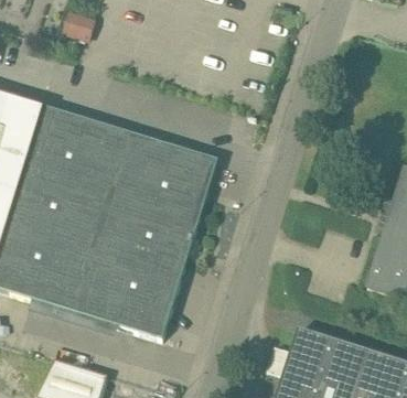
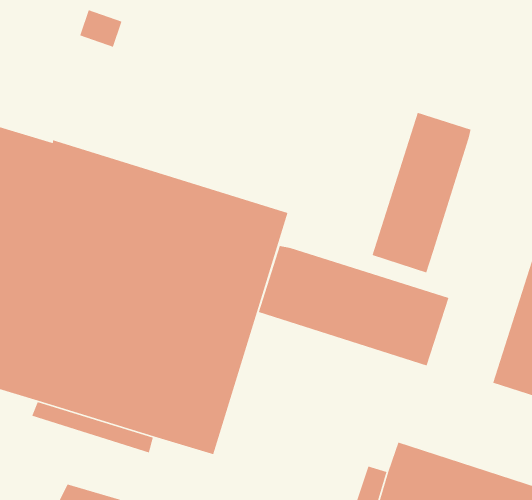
building: none -> [372,112,471,273]
building: none -> [258,245,449,366]

